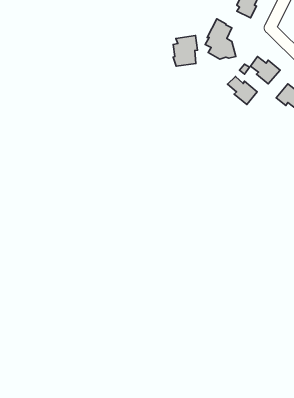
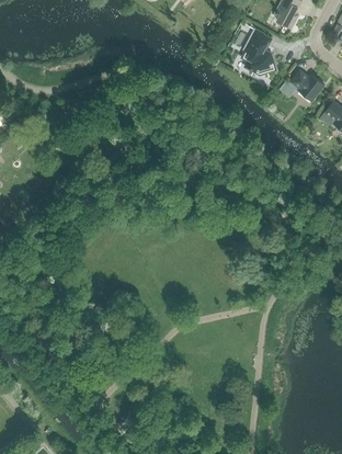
building: [173,36,198,66] -> none
building: [228,76,257,105] -> none

